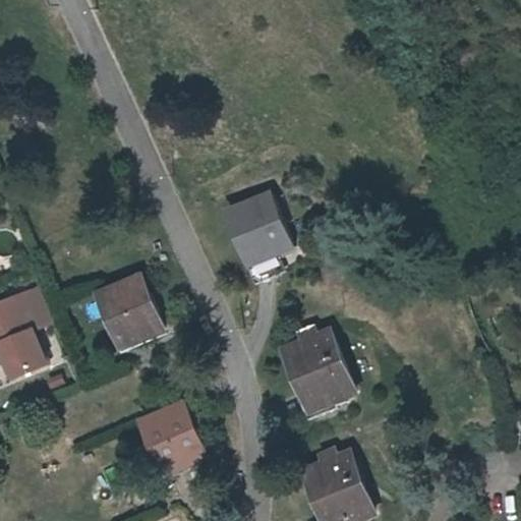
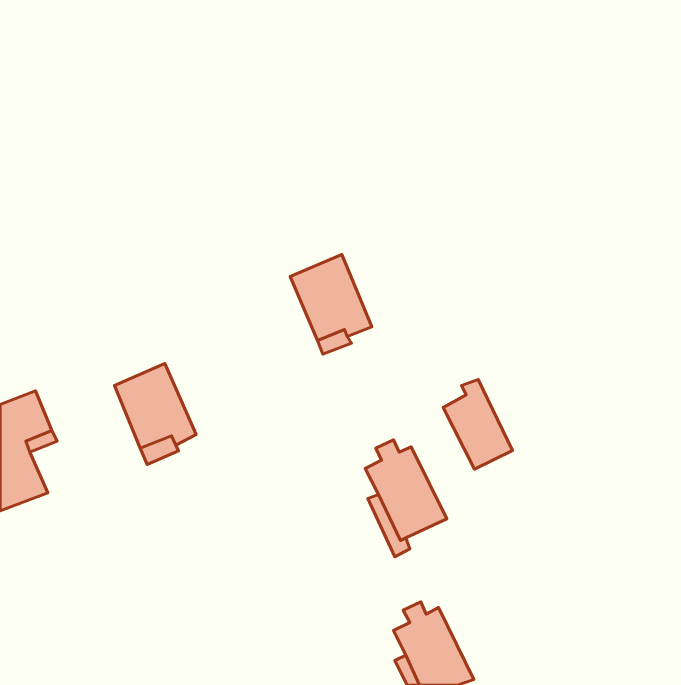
building: none -> [443,379,513,469]
building: [146,402,208,473] -> none

